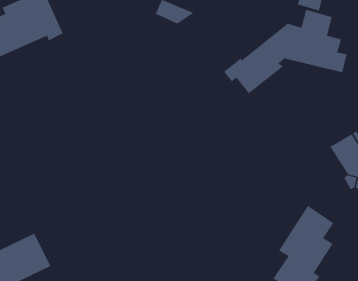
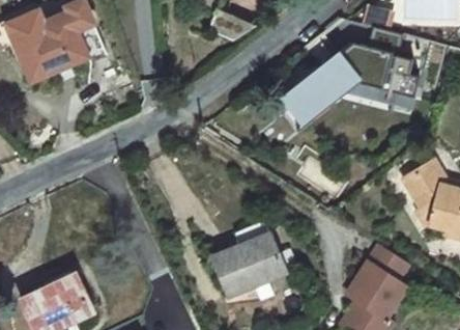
building: none -> [211,232,284,299]

